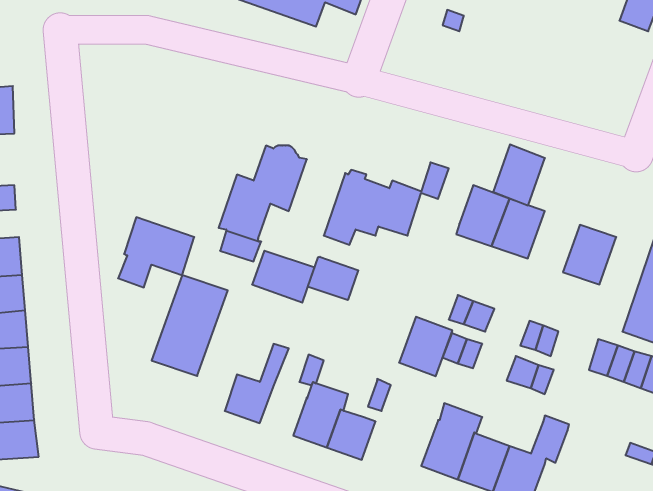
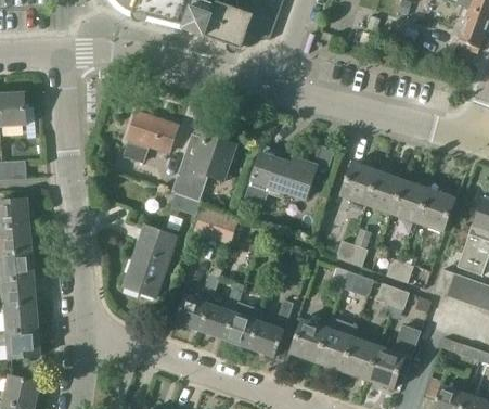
building: [493,144,545,205] -> [390,179,427,222]
building: [118,217,194,287] -> [124,111,178,161]
building: [308,257,358,300] -> none
building: [399,317,452,376] -> [288,318,326,360]
building: none -> [200,304,233,338]

